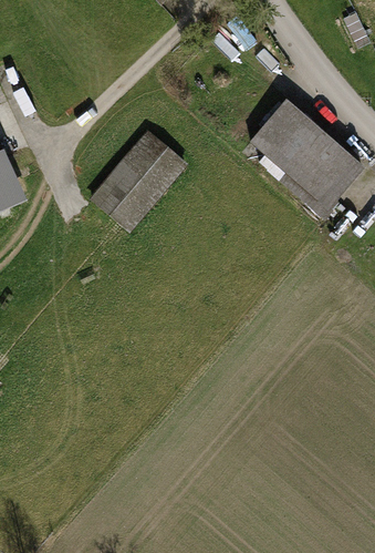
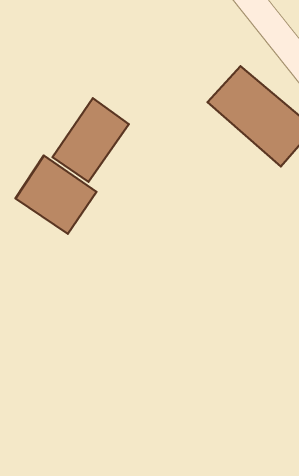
building: none -> [15,156,96,234]

